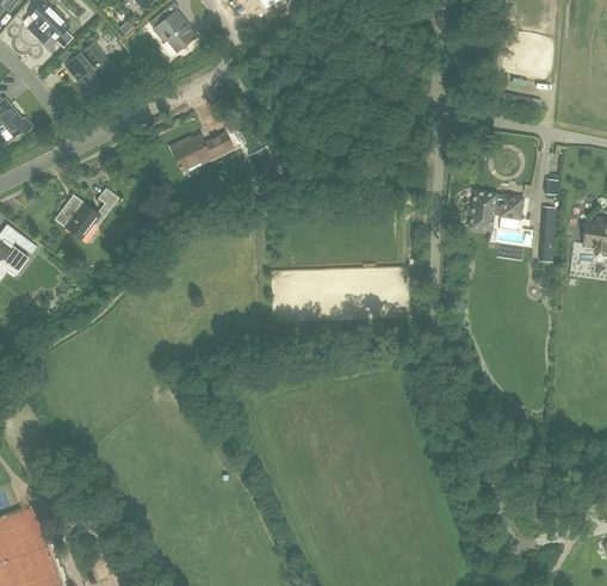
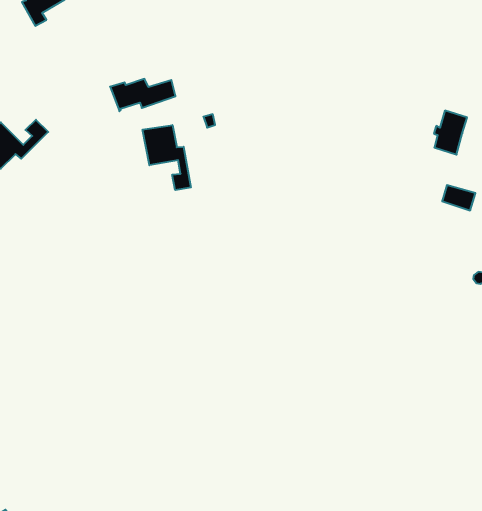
building: none -> [143,125,191,190]
building: [466,190,495,229] -> [434,111,467,155]

